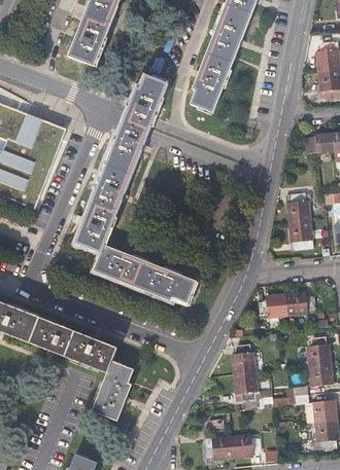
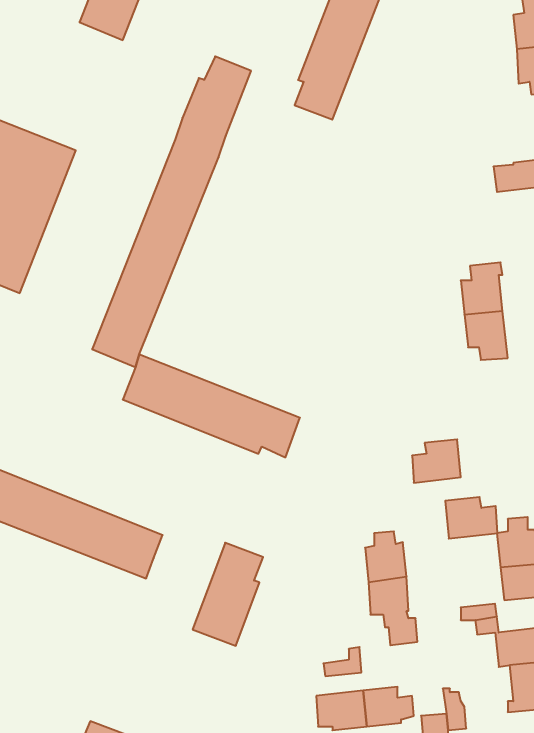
building: [284,291,314,315] -> [445,497,498,539]
building: [93,361,133,420] -> [193,543,263,646]

